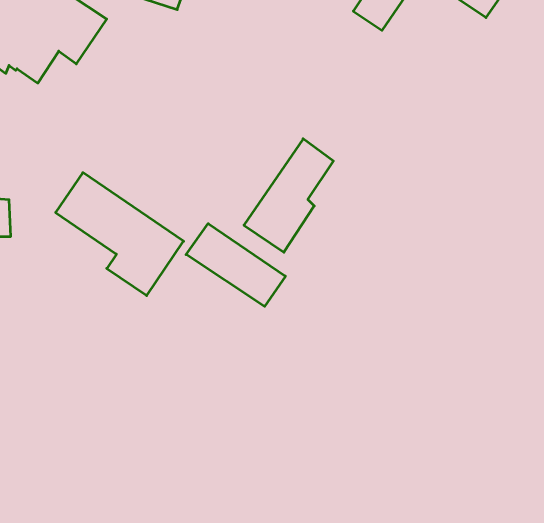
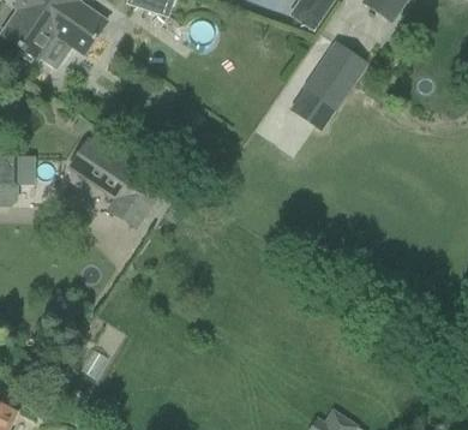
building: [244,139,333,252] -> [292,43,359,129]
building: [186,224,285,306] -> none

